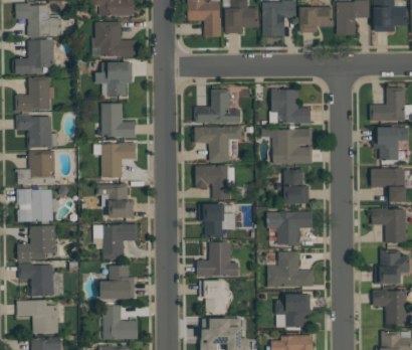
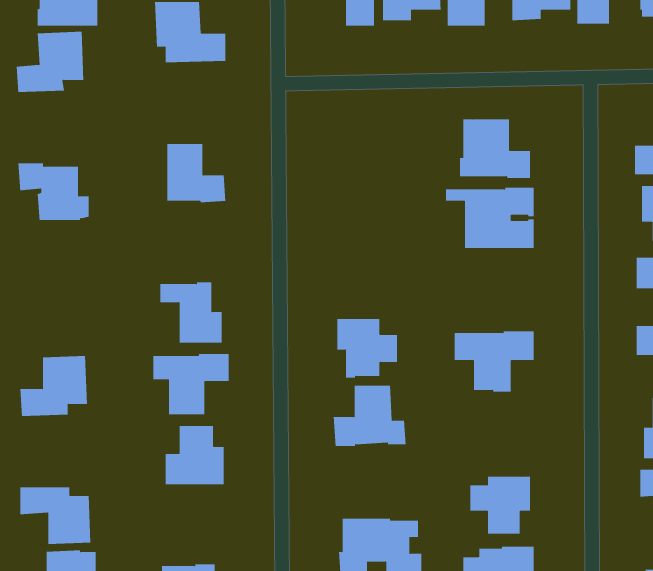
building: [95,62,132,96] -> none
building: [15,77,54,112] -> none
building: [194,90,240,123] -> none
building: [195,127,241,162] -> none
building: [93,143,137,178] -> none
building: [15,151,55,184] -> none
building: [195,166,230,199] -> none
building: [283,169,308,204] -> none
building: [17,189,59,222] -> none
building: [267,251,314,287] -> none
building: [18,264,54,297] -> none
building: [200,281,224,315] -> none
building: [102,306,139,340] -> none

